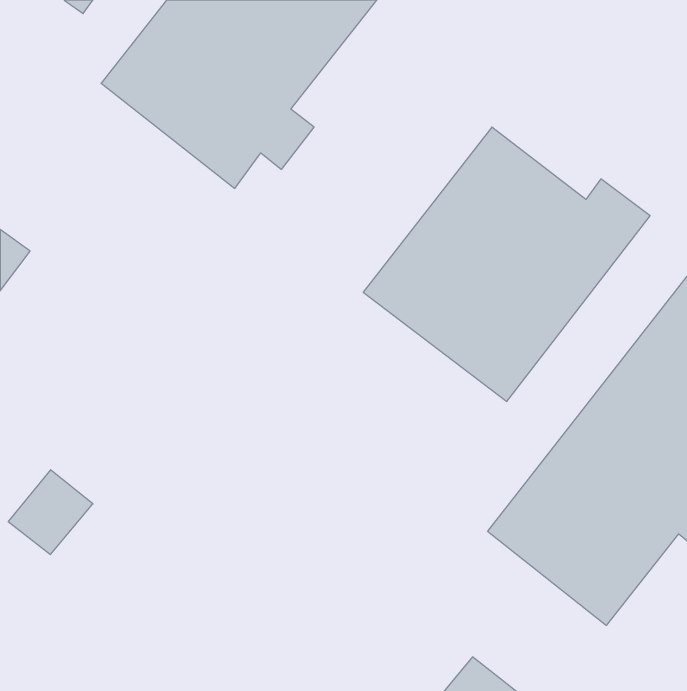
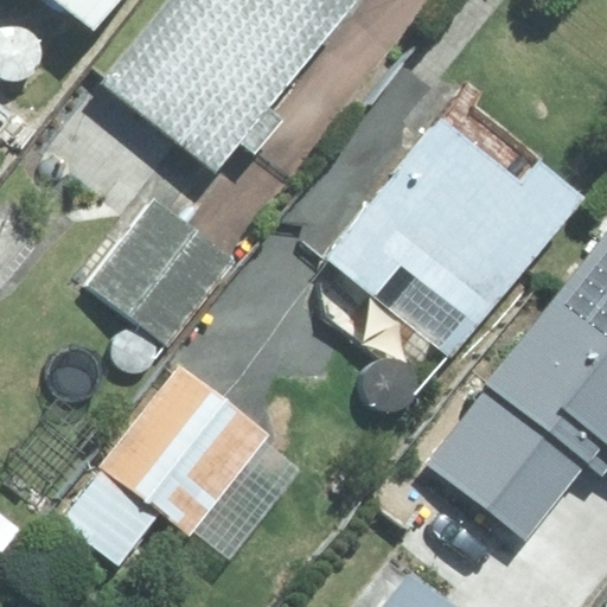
building: none -> [87,200,235,347]
building: none -> [63,364,268,564]

